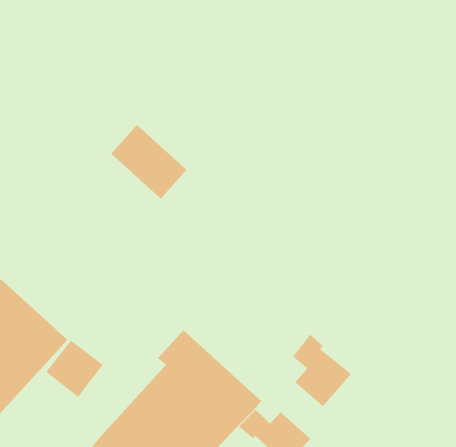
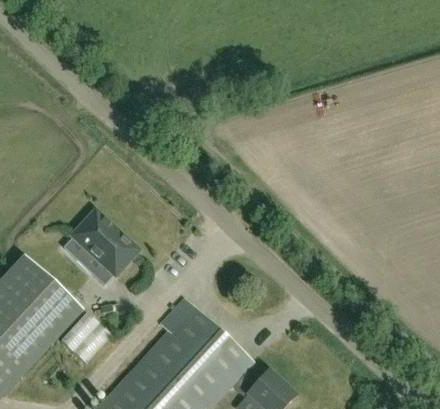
building: [111,124,187,199] -> [69,213,136,279]
building: [292,334,352,407] -> none

